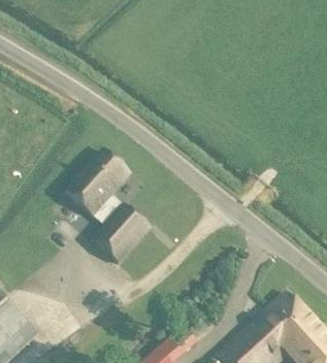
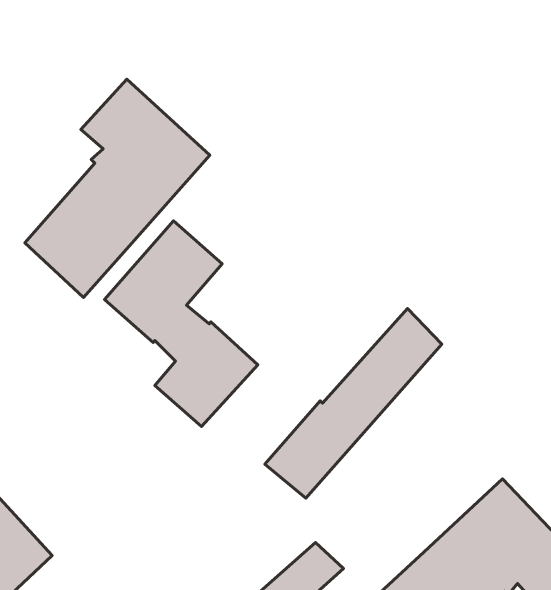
building: none -> [25,79,210,298]
building: none -> [265,309,442,498]

